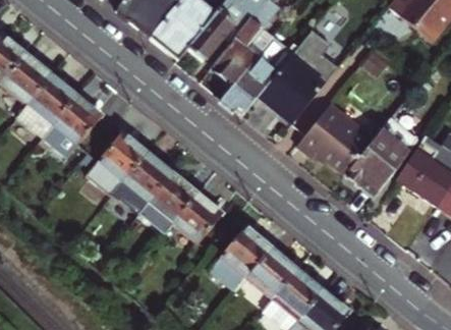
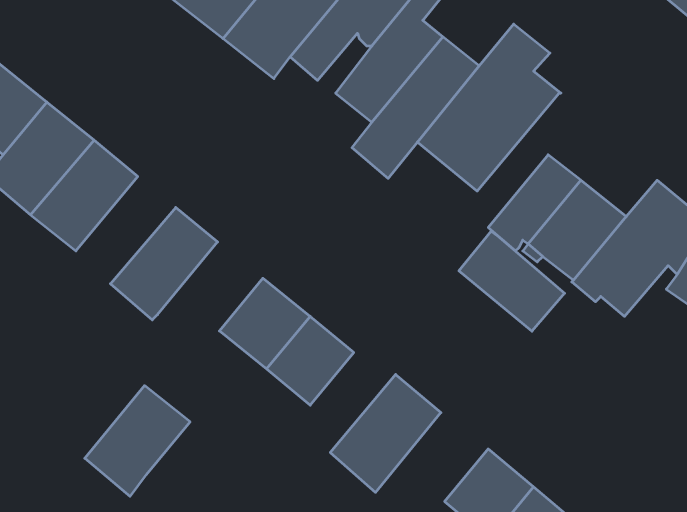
building: none -> [459,231,565,331]
building: [113,152,172,214] -> [85,386,190,496]
building: [248,248,298,297] -> none

